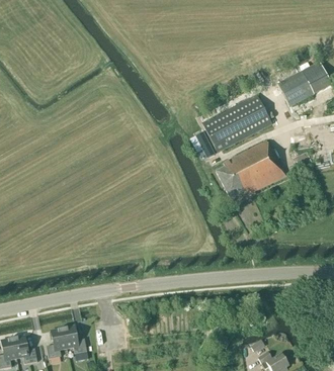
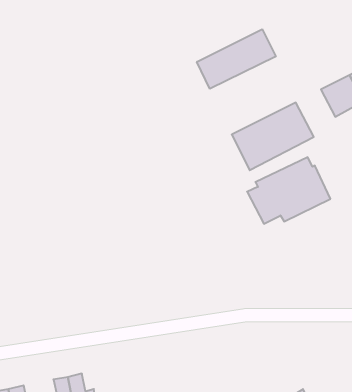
building: none -> [197,29,276,89]

